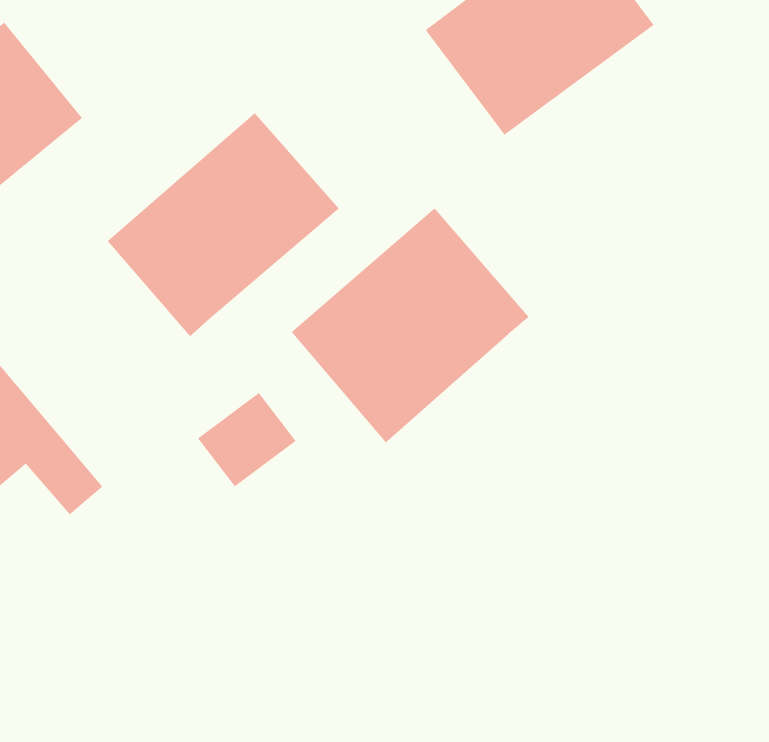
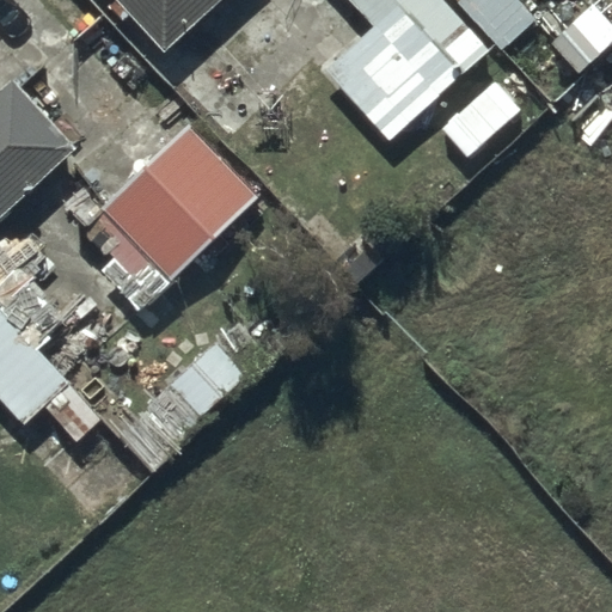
building: [291,208,529,443] -> none

